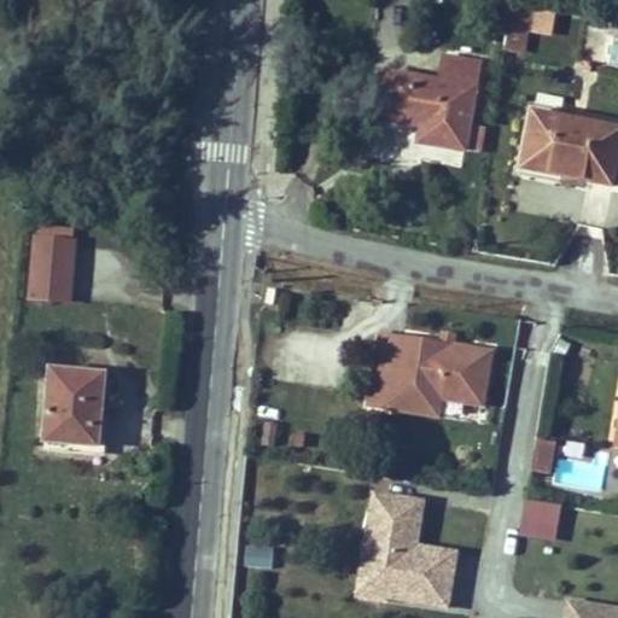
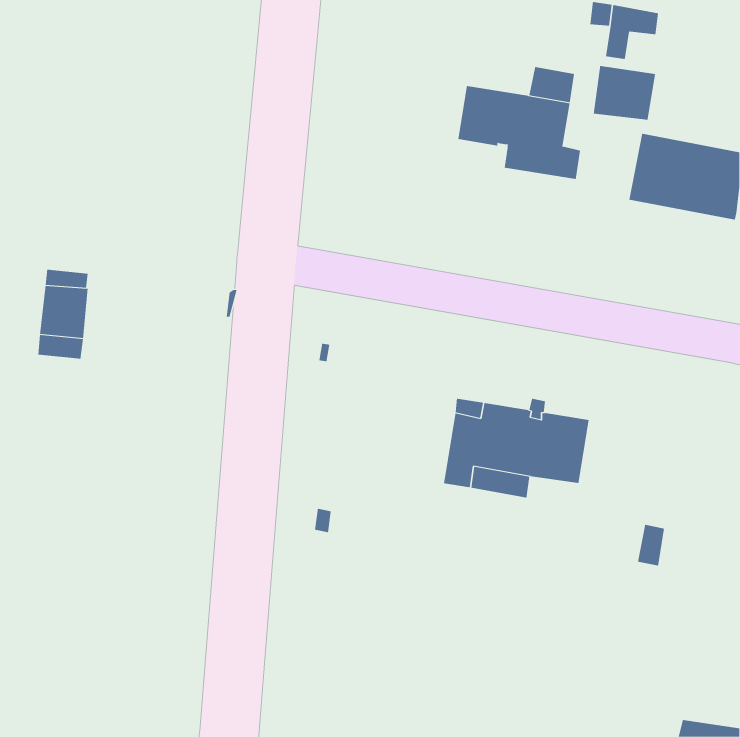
building: none -> [593,65,656,120]
building: [45,368,105,445] -> none
building: [355,488,456,606] -> none
building: [519,497,560,541] -> none

